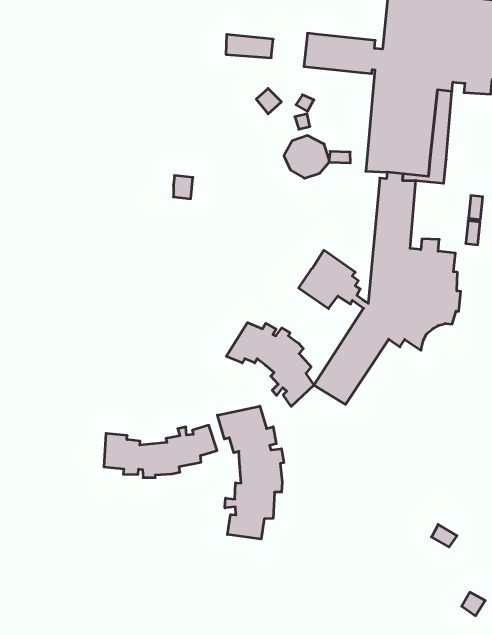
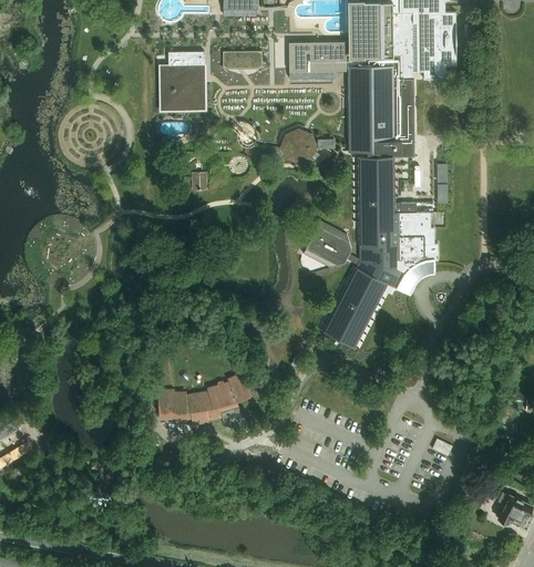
building: none -> [160,52,205,102]
building: [226,323,314,406] -> none
building: [217,406,284,539] -> none

